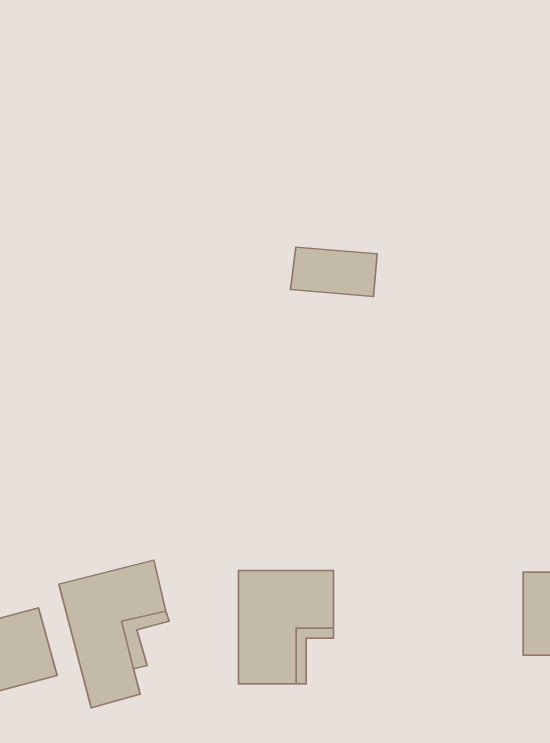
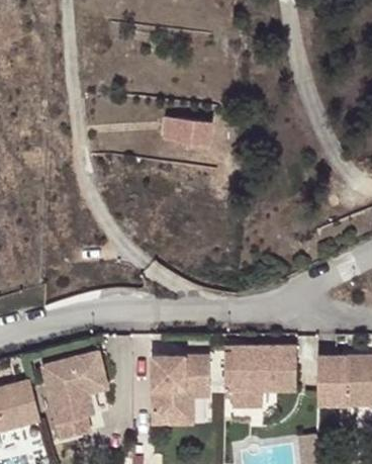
building: [291,247,377,296] -> [161,119,212,149]
building: none -> [225,347,295,392]

